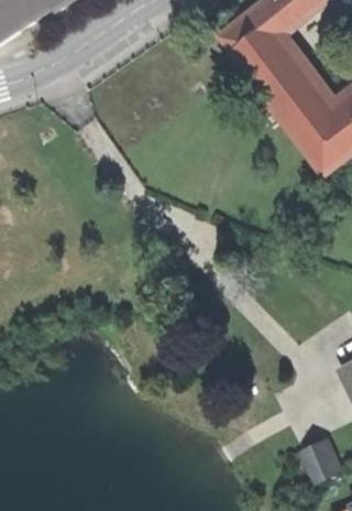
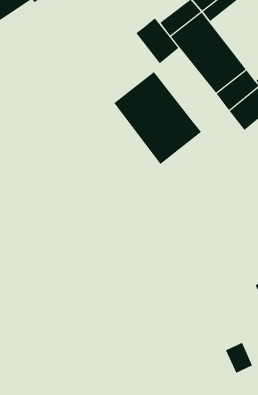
building: none -> [136,18,179,64]
building: none -> [114,71,202,165]

